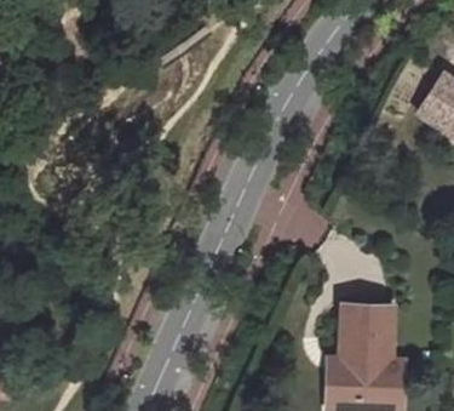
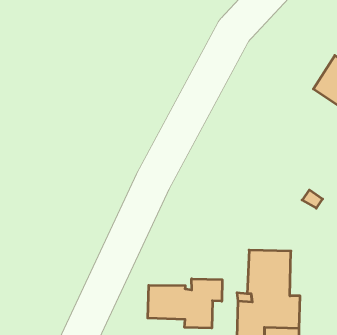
building: none -> [148,279,222,328]

